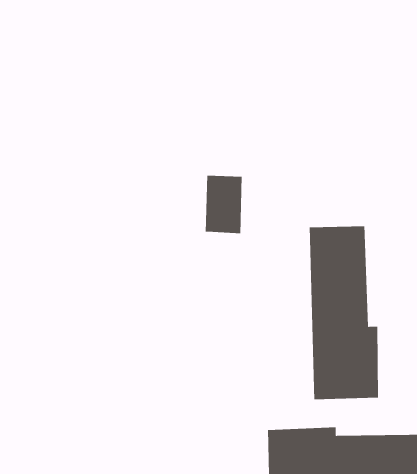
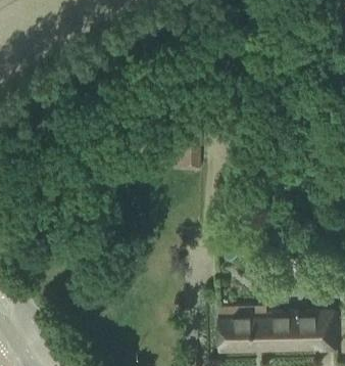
building: [309,225,379,400] -> none

